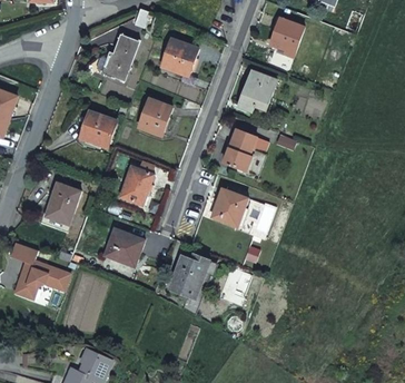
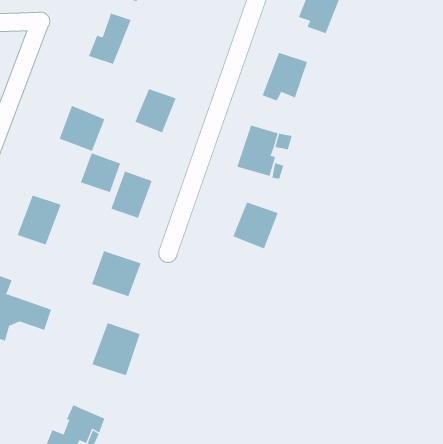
building: [161,37,197,75] -> none
building: none -> [80,152,121,193]
building: [168,254,207,296] -> [92,323,141,376]

